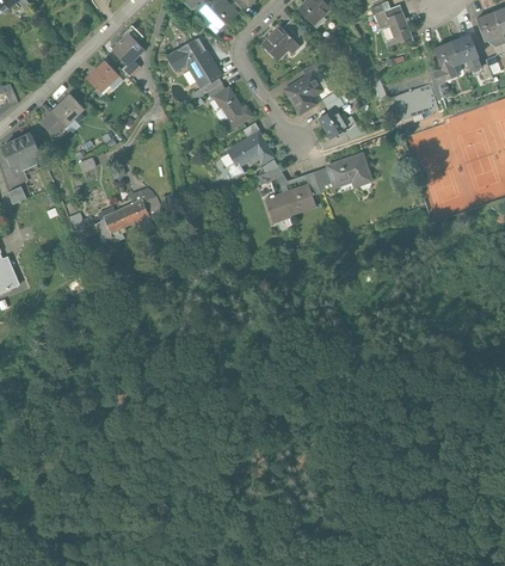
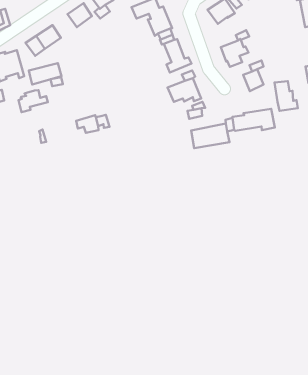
building: none -> [274,81,298,111]
building: none -> [29,63,61,84]
building: [98,209,135,240] -> [19,90,48,112]

